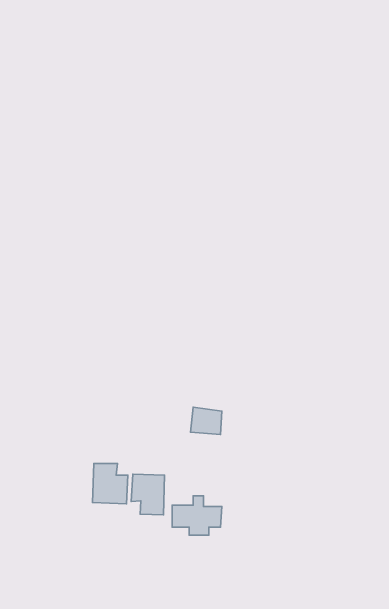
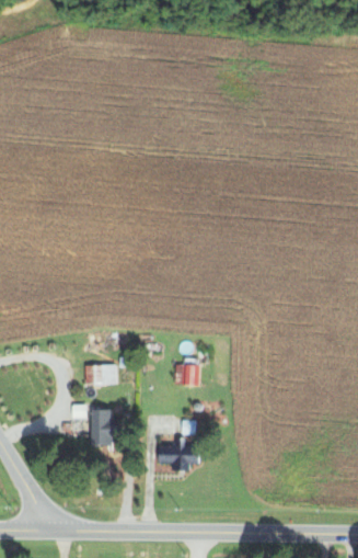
building: none -> [84,365,115,385]
building: [131,474,165,515] -> none

